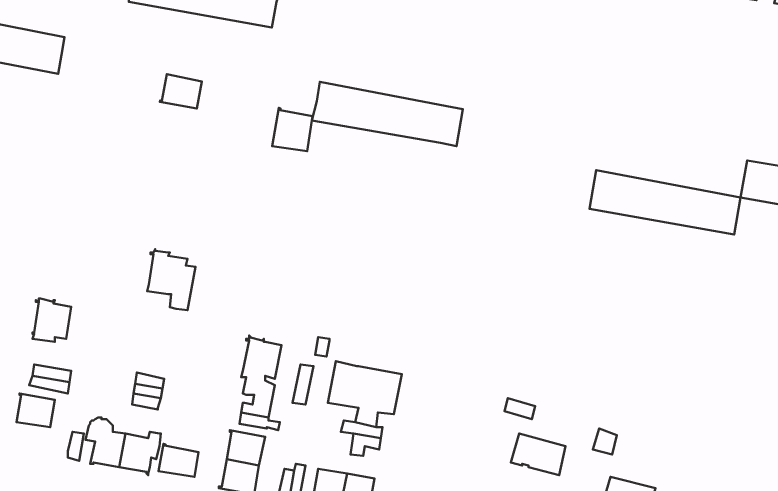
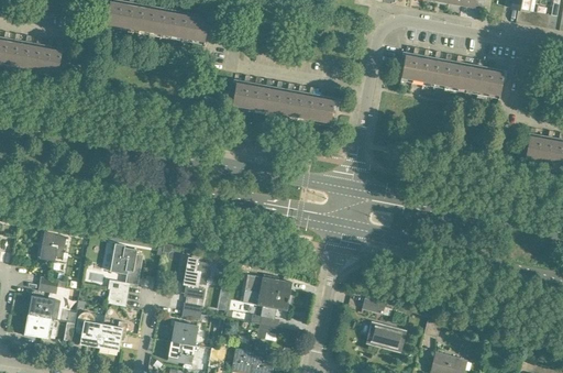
building: [160,74,202,108] -> none
building: [272,108,313,151] -> none
building: [590,170,741,234] -> [400,54,504,98]
building: [147,249,195,310] -> [110,242,143,284]
building: none -> [24,315,52,338]
building: [158,444,198,477] -> none

